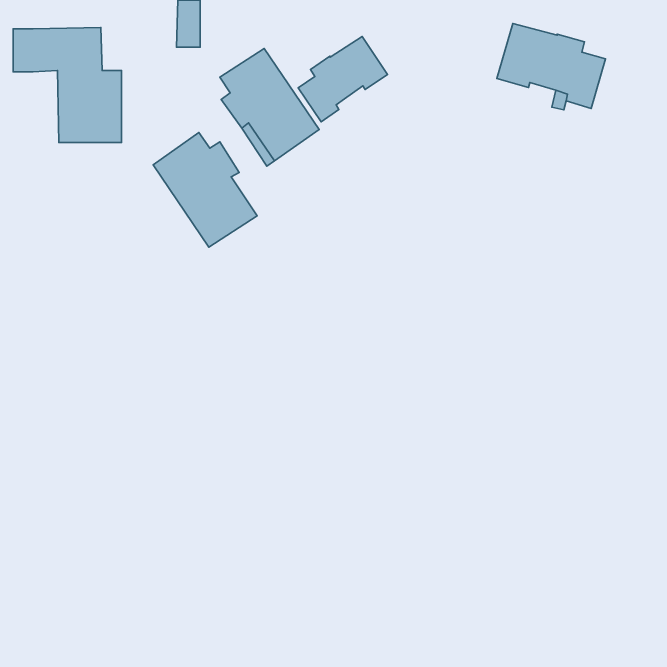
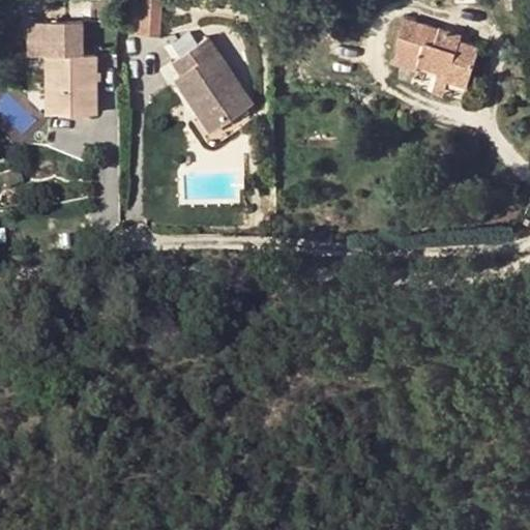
building: [298,37,388,122] -> none
building: [153,133,257,247] -> none

